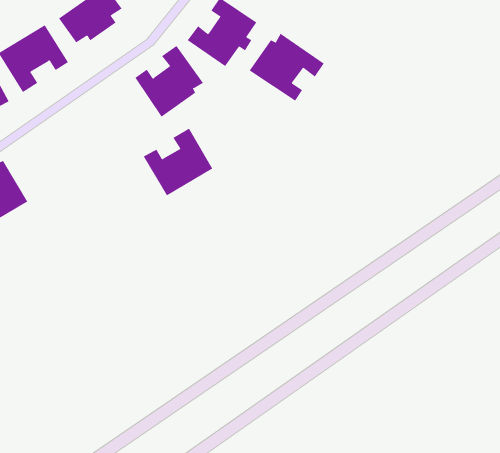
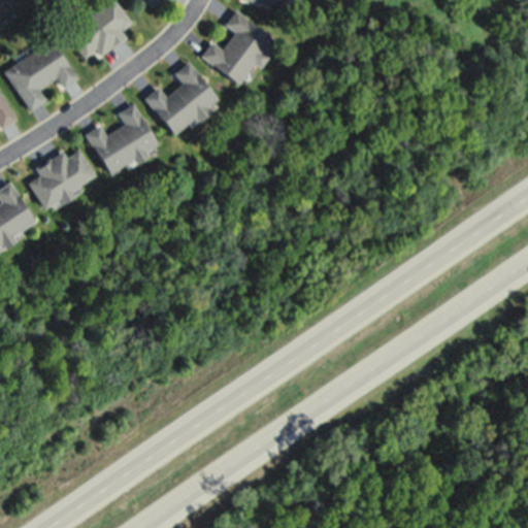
building: [249,33,324,101] -> none
building: none -> [29,146,96,209]
building: [143,128,213,196] -> [85,104,158,175]

